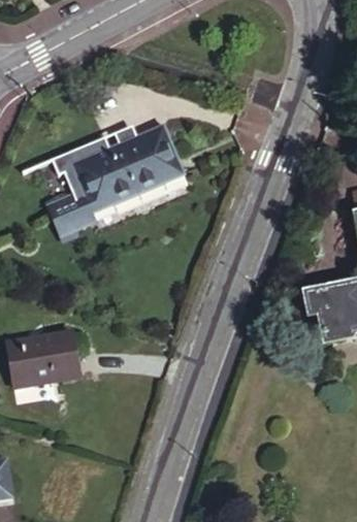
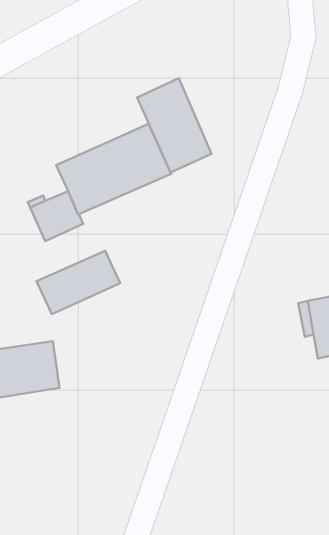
building: none -> [137,78,211,172]
building: none -> [36,251,120,314]

